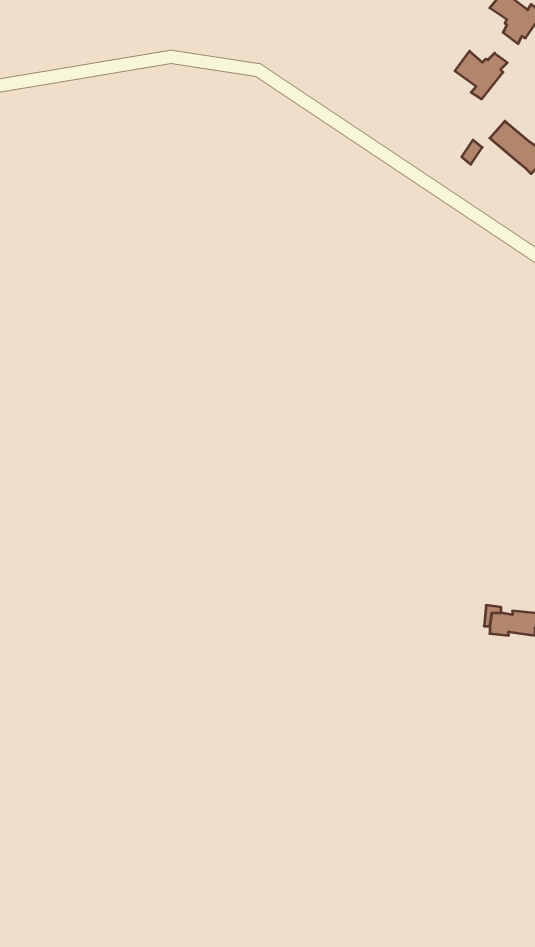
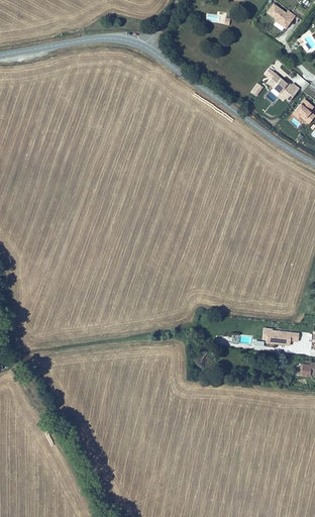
building: [455,51,507,99] -> none

